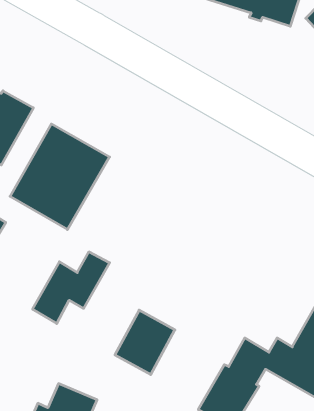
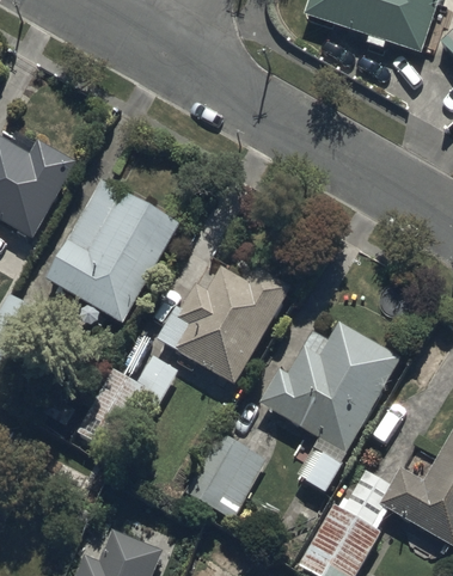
building: none -> [157,265,290,384]
building: none -> [261,321,400,452]

